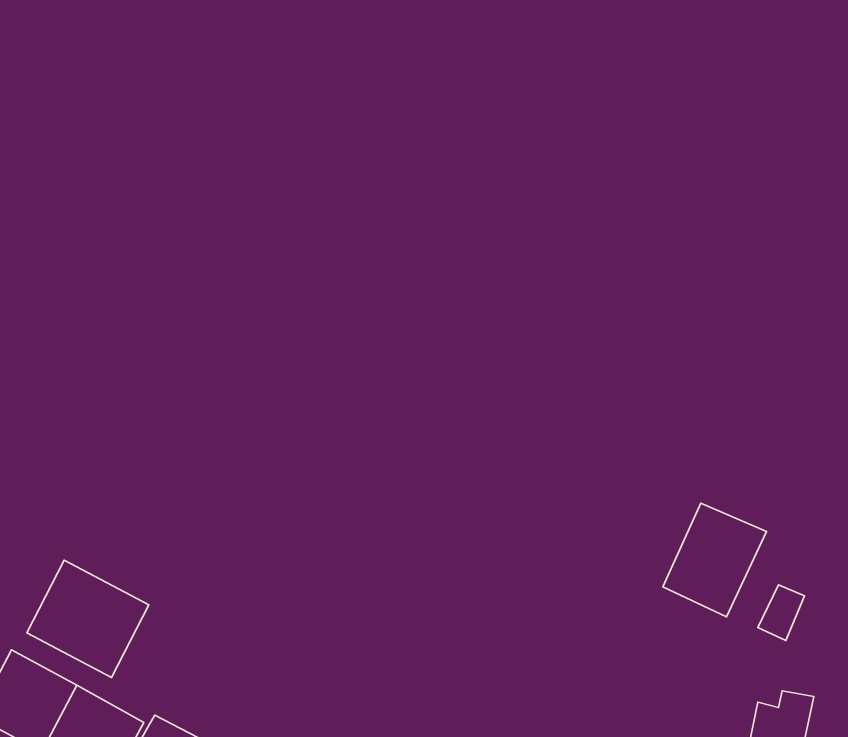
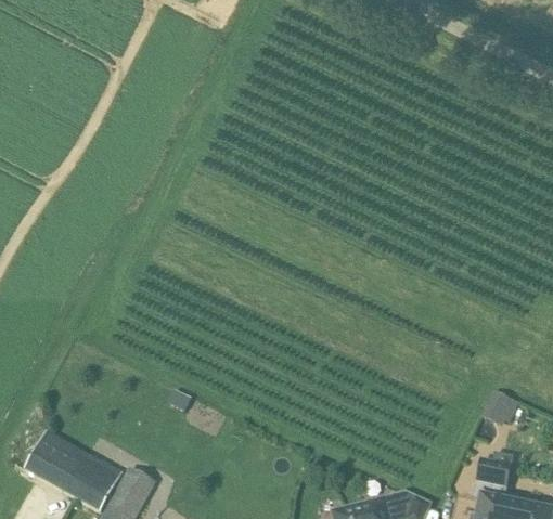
building: [663,503,766,617] -> none
building: [27,560,149,678] -> none

